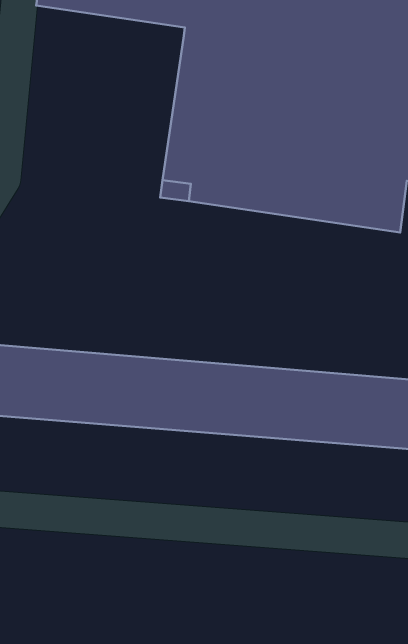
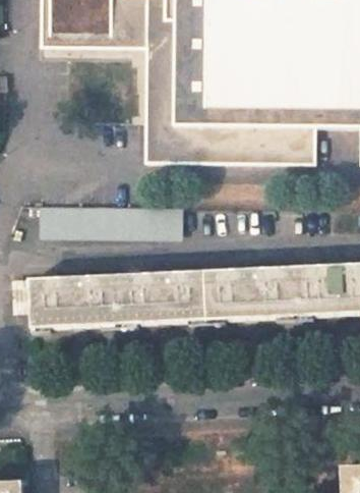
building: none -> [46,206,182,235]

